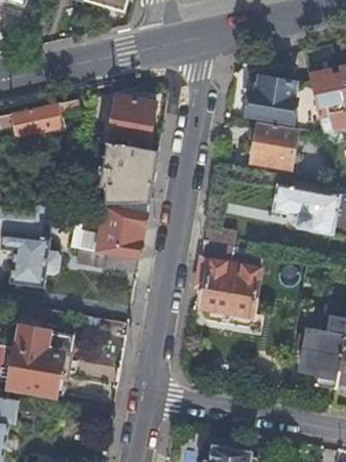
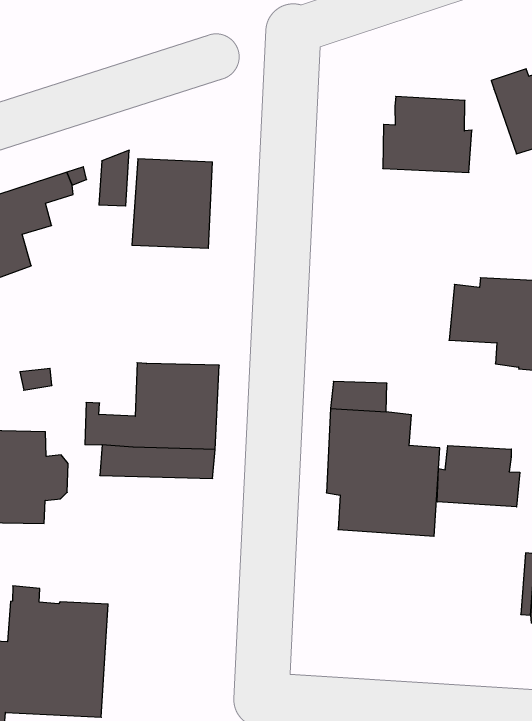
building: [253,123,298,168] -> none
building: [100,142,158,212] -> none
building: none -> [437,446,520,507]

